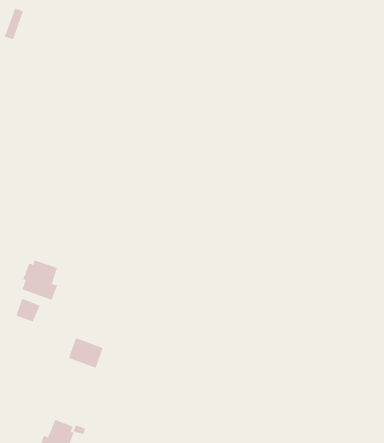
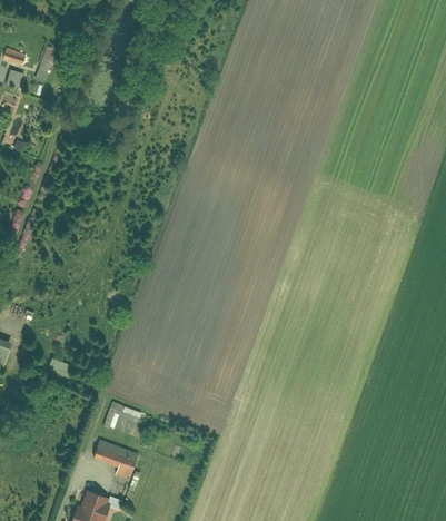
building: [22,259,58,300] -> none
building: none -> [92,440,137,478]

